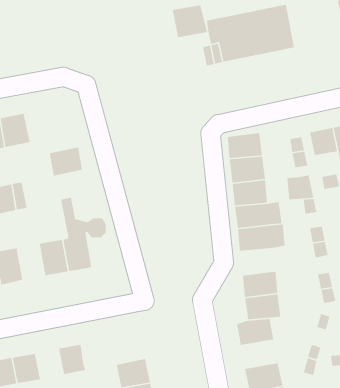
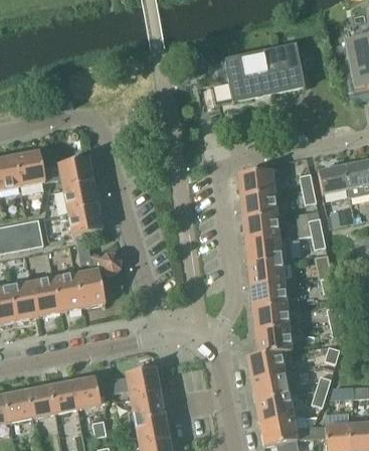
building: [172,5,208,38] -> none
building: none -> [51,157,94,189]
building: none -> [68,206,103,236]
building: none -> [33,278,60,314]
building: none -> [250,283,287,309]
building: none -> [97,366,159,397]
building: none -> [251,372,289,401]
building: none -> [51,381,78,412]

